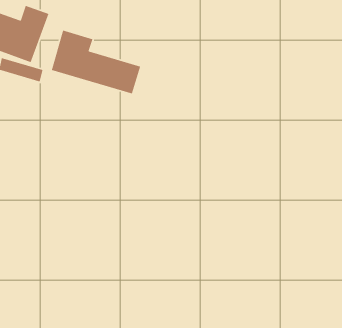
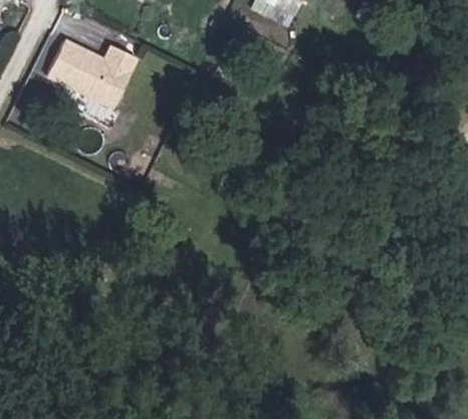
building: [51,30,141,95] -> none

